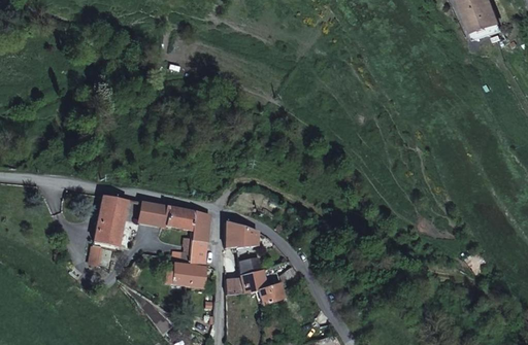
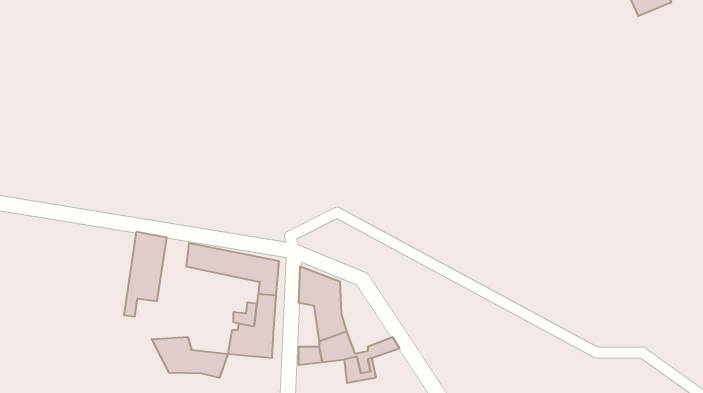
building: none -> [152,337,228,378]

